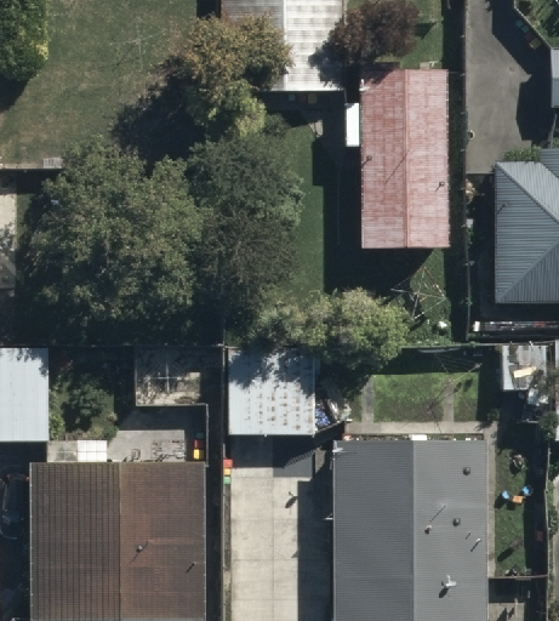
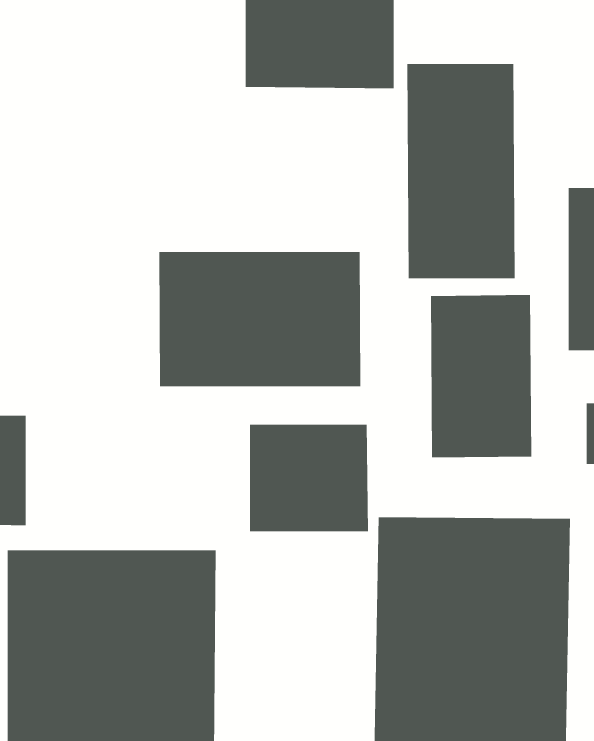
building: none -> [159,251,361,387]
building: none -> [430,294,532,458]

